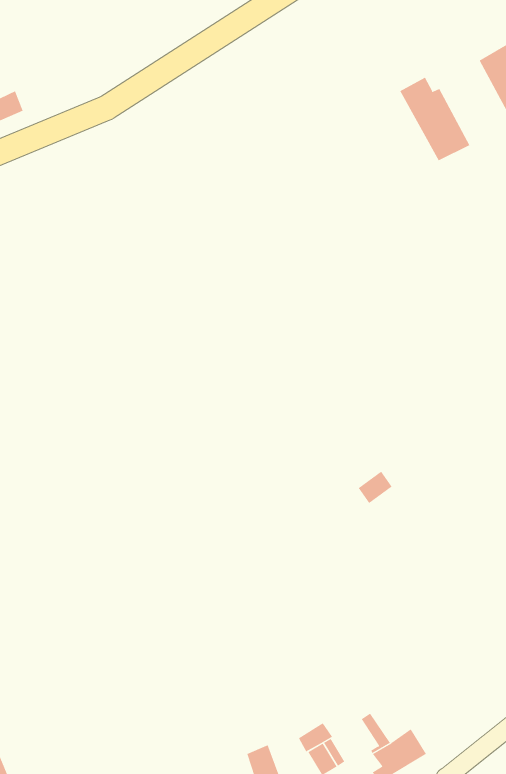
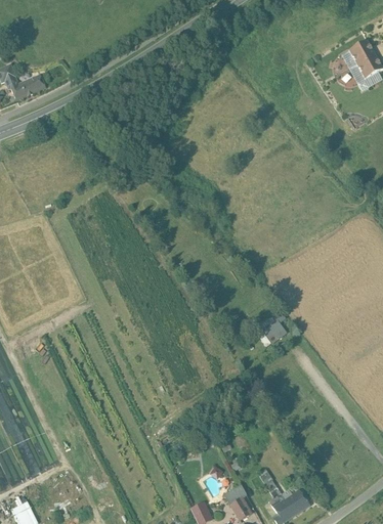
building: [400,77,470,161] -> none

